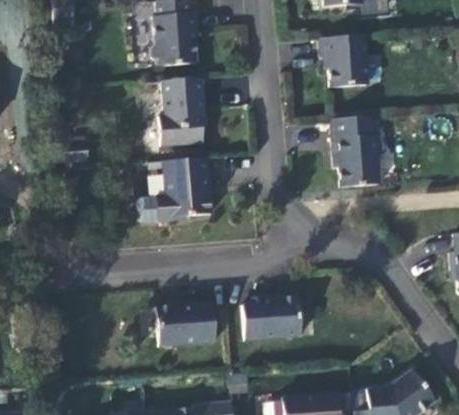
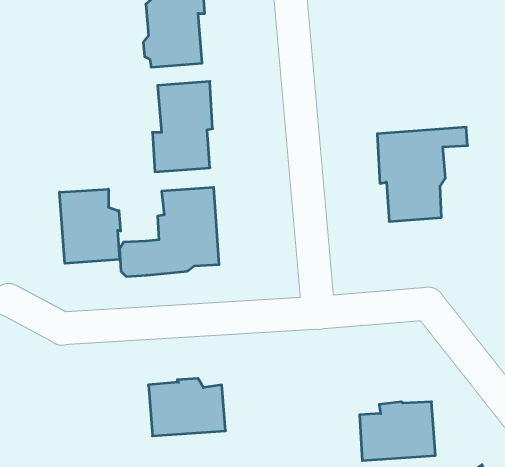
building: [319,35,368,87] -> none
building: none -> [60,189,121,263]
building: [244,296,302,341] -> [360,402,435,461]

